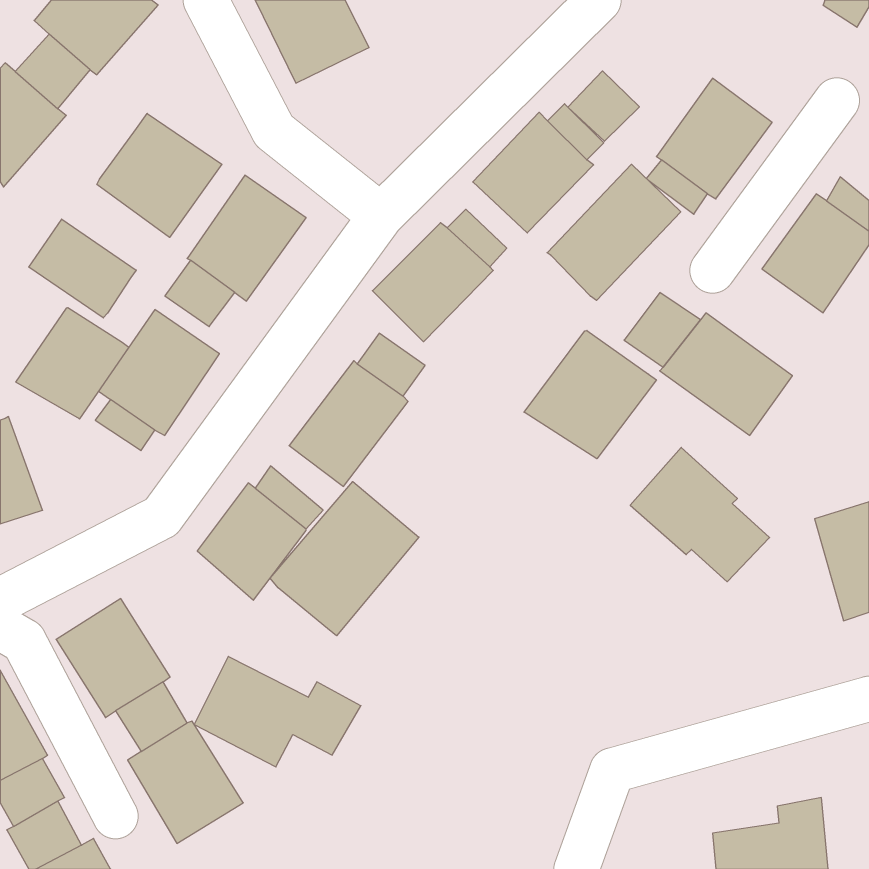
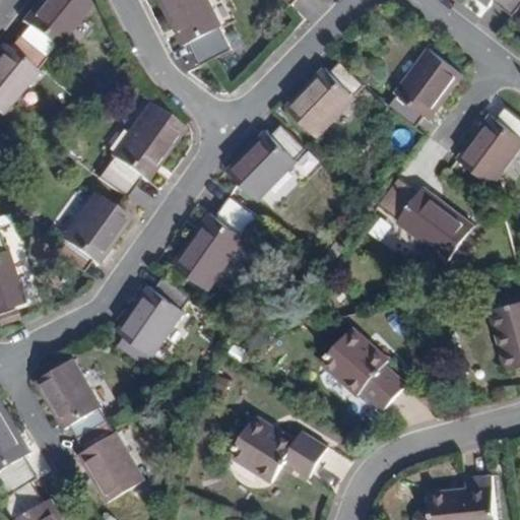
building: none -> [185,29,229,66]
building: [568,71,639,141] -> none
building: [97,113,222,237] -> none
building: [547,164,681,300] -> none
building: [29,219,136,318] -> none
building: [16,308,129,419] -> none
building: [524,330,656,459] -> none
building: [630,447,770,582] -> [321,329,404,409]
building: [270,482,419,636] -> none
building: [194,656,361,767] -> [223,413,323,479]

